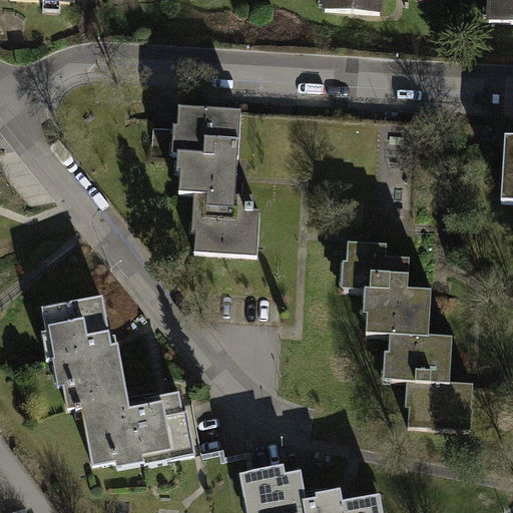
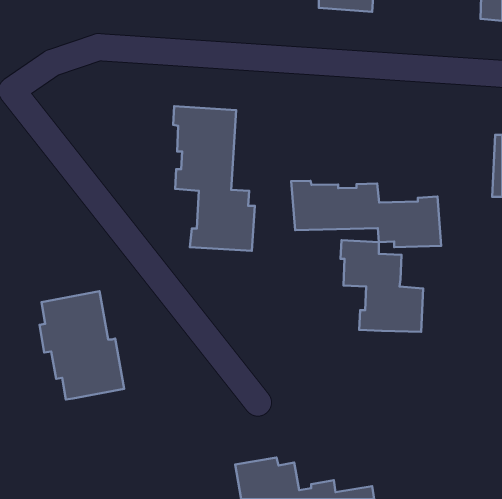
building: none -> [291,181,441,247]
building: [388,337,473,430] -> none
building: [74,393,193,465] -> none

